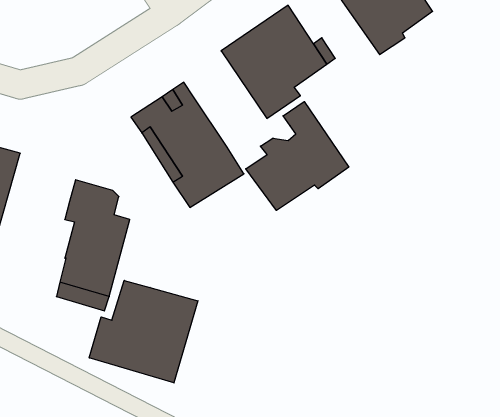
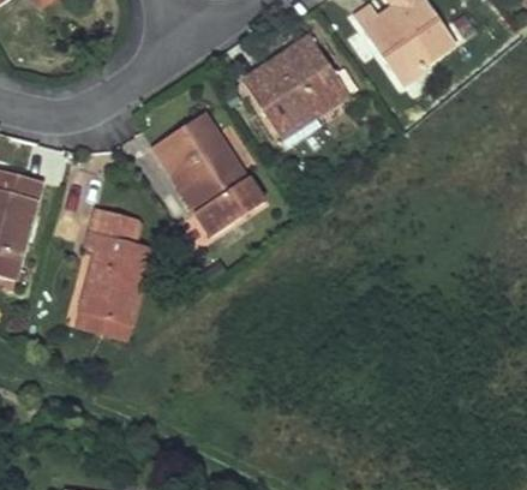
building: [246,102,349,210] -> none
building: [89,280,198,383] -> none

